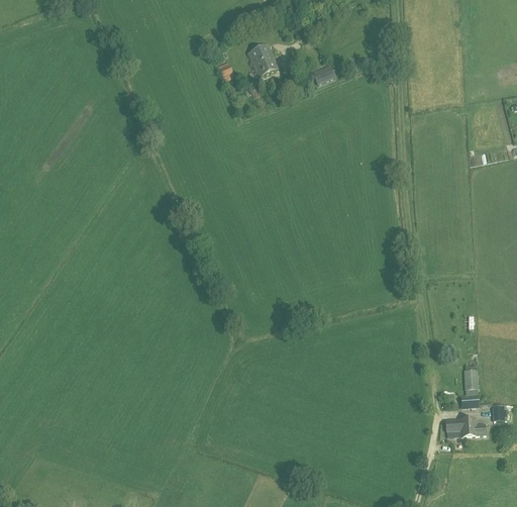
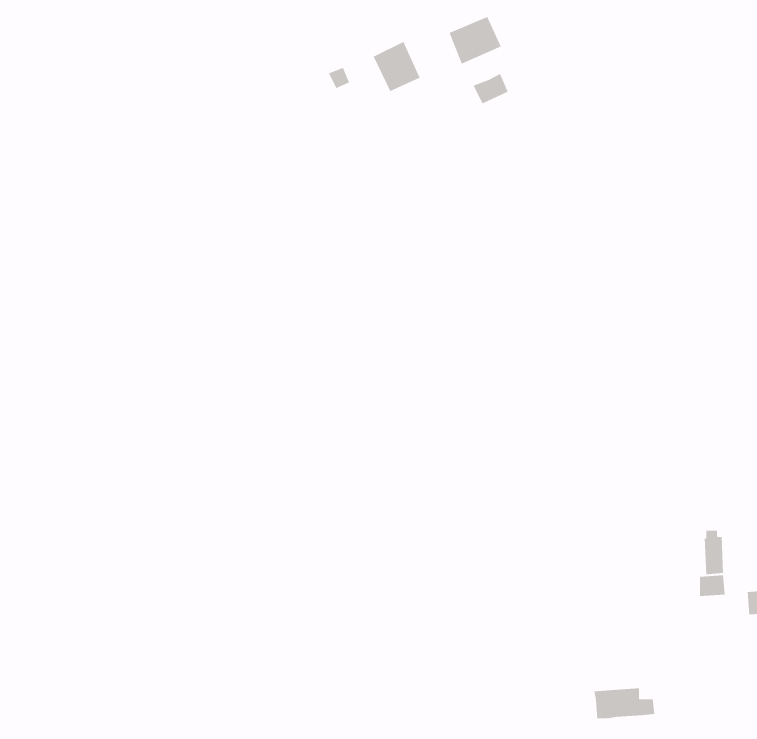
building: none -> [449,16,501,64]
building: [444,417,485,437] -> [594,688,655,719]

